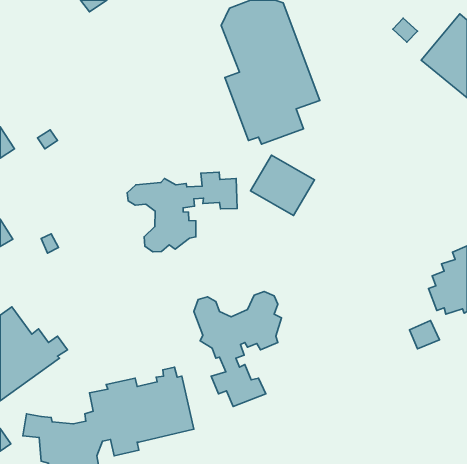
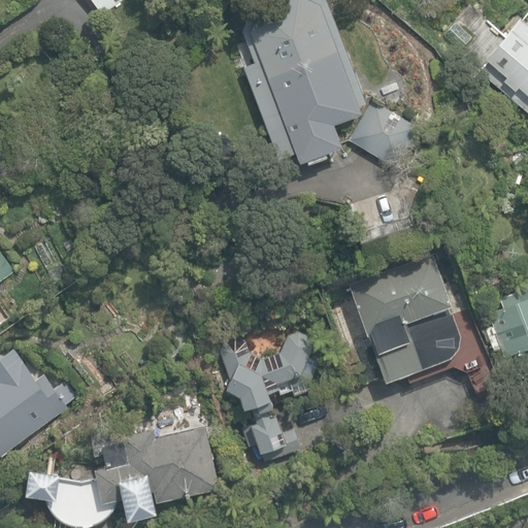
building: [251,155,315,216] -> [349,100,421,168]
building: [127,172,237,252] -> none
building: none -> [349,256,459,382]

